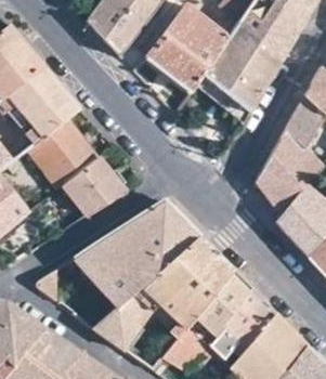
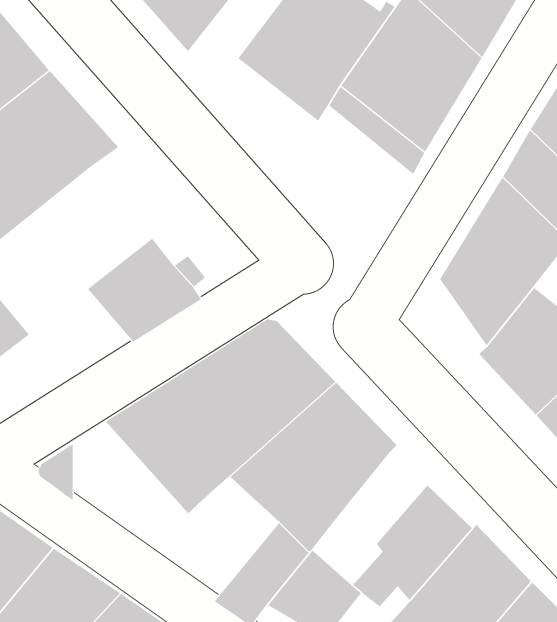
building: [26,118,97,187] -> none
building: [201,274,248,325] -> none
building: [93,295,149,350] -> none

